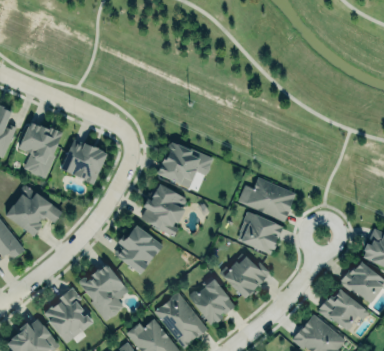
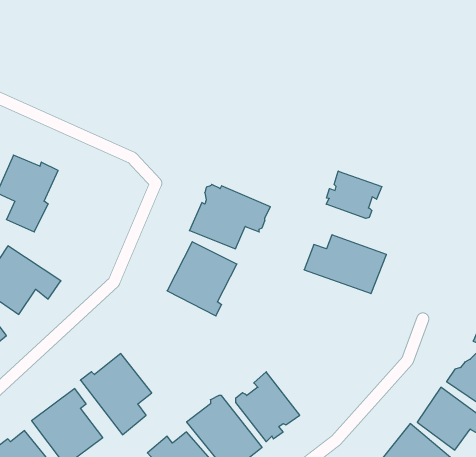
building: none -> [326,171,382,218]
building: [60,138,107,184] -> none
building: [236,212,284,255] -> none
building: [114,223,162,271] -> none
building: [220,251,270,299] -> none

